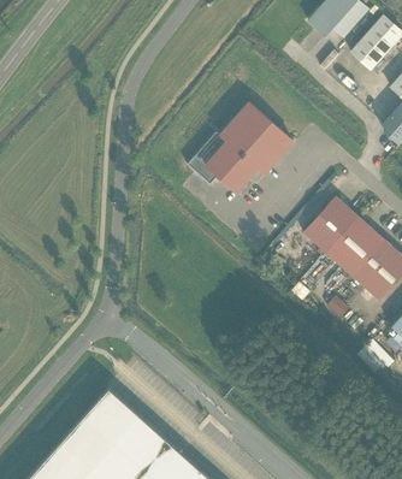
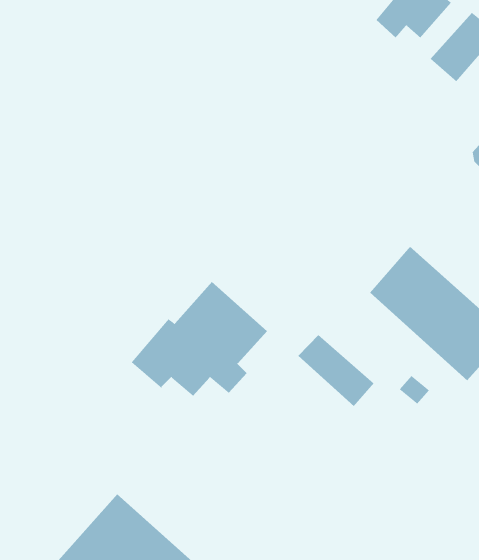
building: [187,102,292,191] -> [131,281,268,396]
building: none -> [297,334,374,407]

